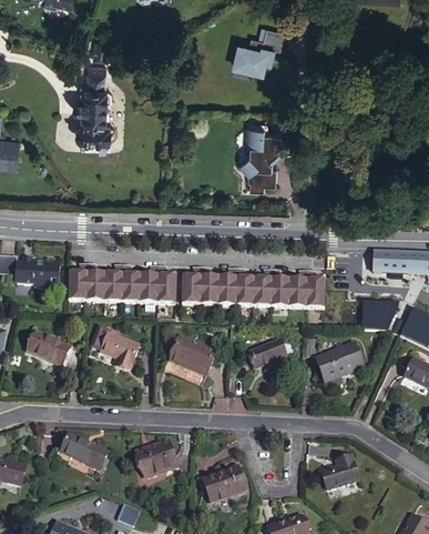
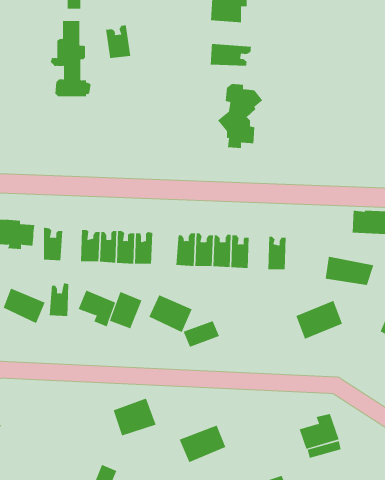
building: none -> [105,25,131,59]
building: none -> [210,43,251,66]
building: [84,270,104,303] -> [49,283,69,317]
building: [180,273,200,306] -> none
building: [269,278,289,311] -> none
building: [306,279,325,312] -> none
building: none -> [109,291,142,329]
building: [249,339,286,365] -> [183,320,220,347]
building: [62,439,109,471] -> none

